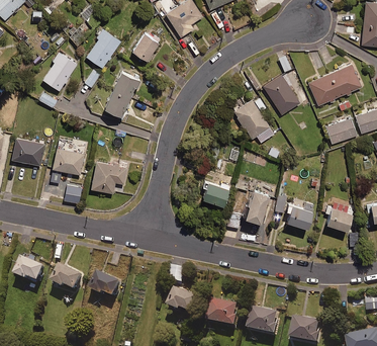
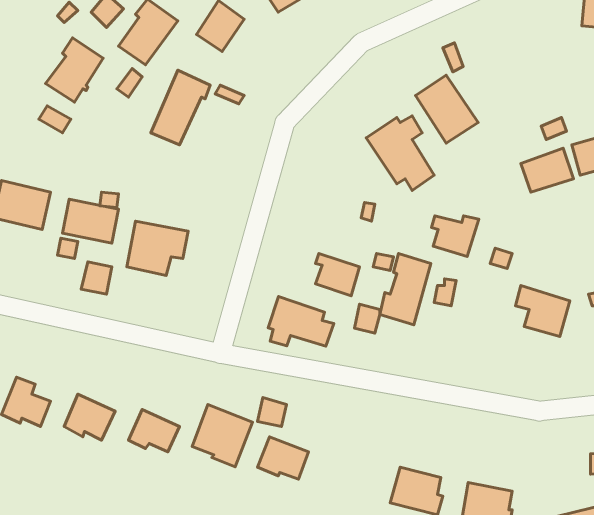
building: [307,62,361,105] -> none
building: [286,203,314,228] -> [431,216,479,256]
building: none -> [268,297,334,346]
building: none -> [192,405,252,467]
building: [209,300,238,328] -> none

